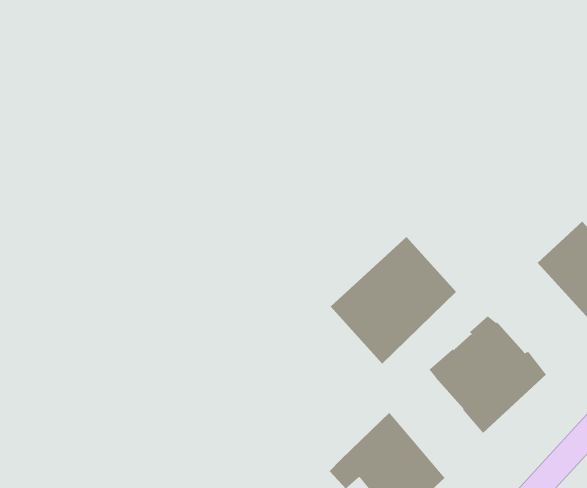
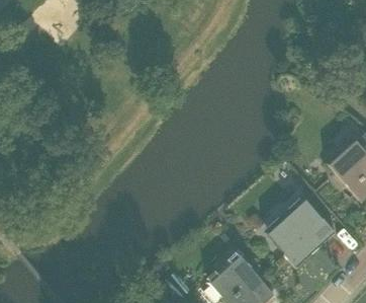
building: [330,236,457,364] -> none

